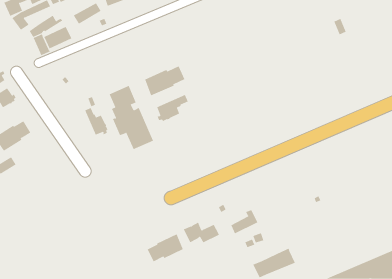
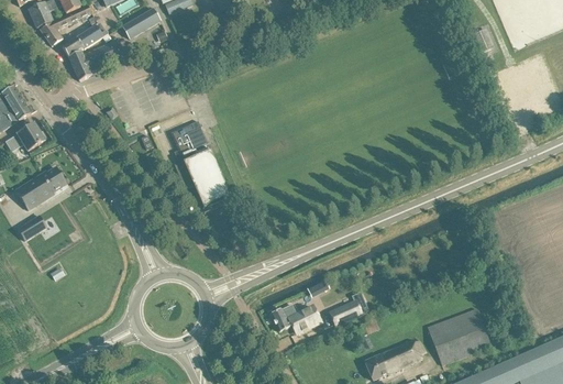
building: [144,65,185,96] -> none
building: [156,94,188,122] -> none
building: [84,107,108,135] -> none
building: none -> [428,309,492,366]
building: [147,233,184,262] -> none

